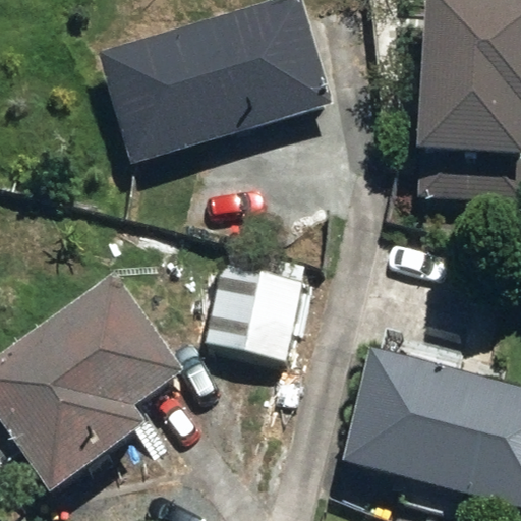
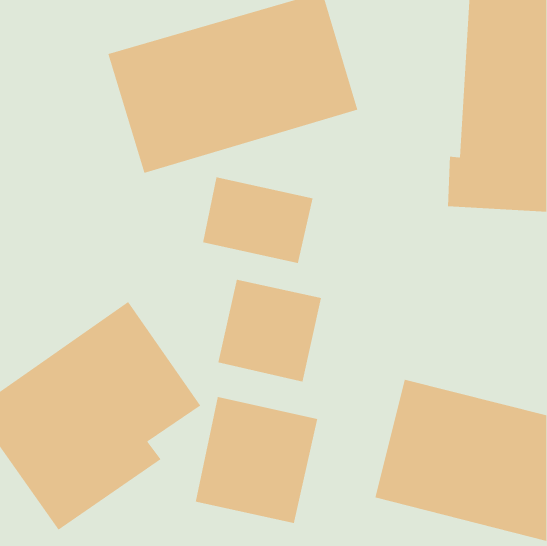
building: none -> [203,177,313,264]
building: none -> [195,396,318,524]

